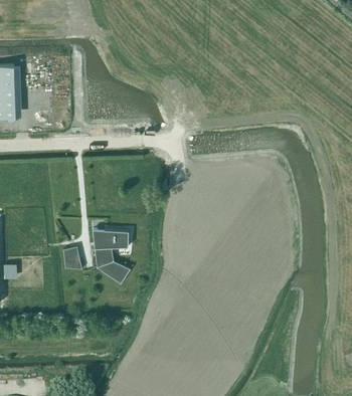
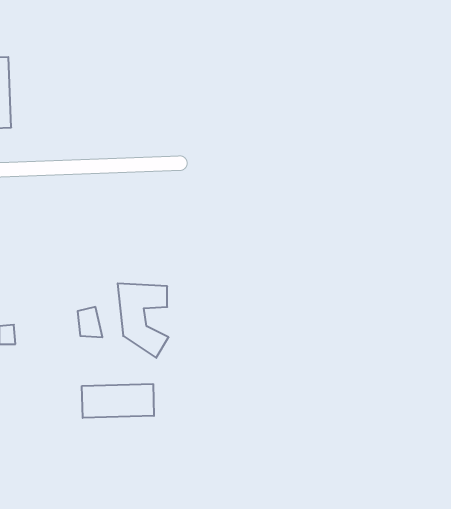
building: none -> [82,384,154,418]

